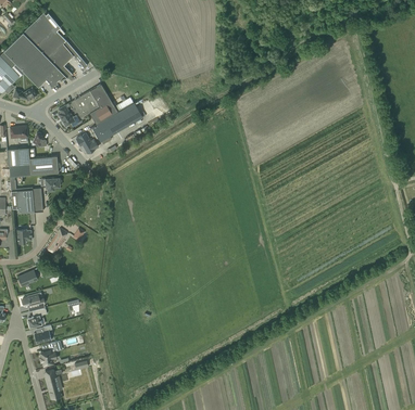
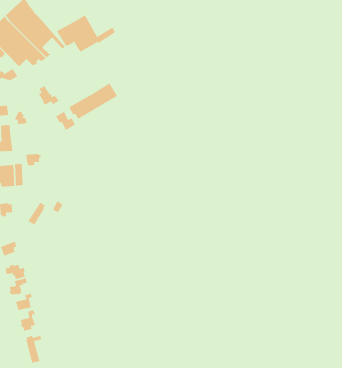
building: [71,85,134,125] -> [56,15,116,53]
building: [29,156,58,176] -> none

